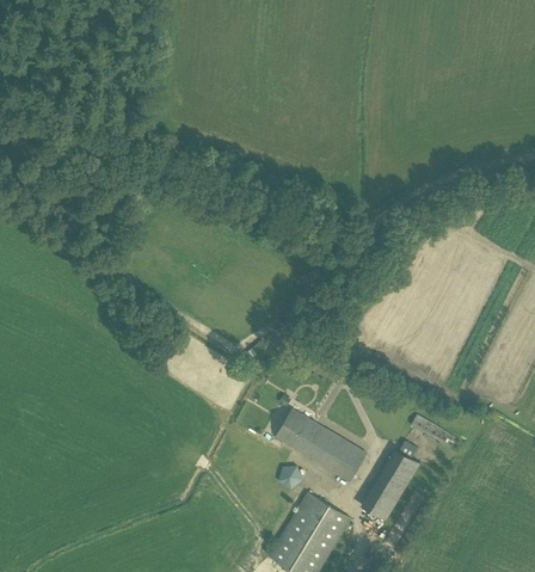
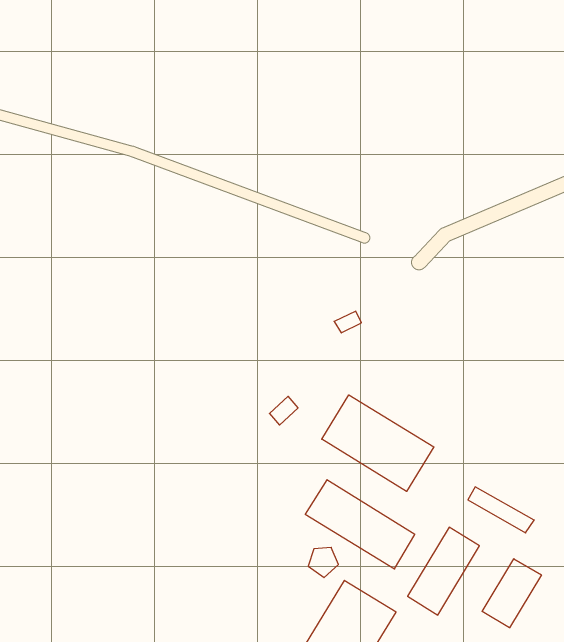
building: none -> [322,395,434,491]
building: none -> [482,559,541,628]

